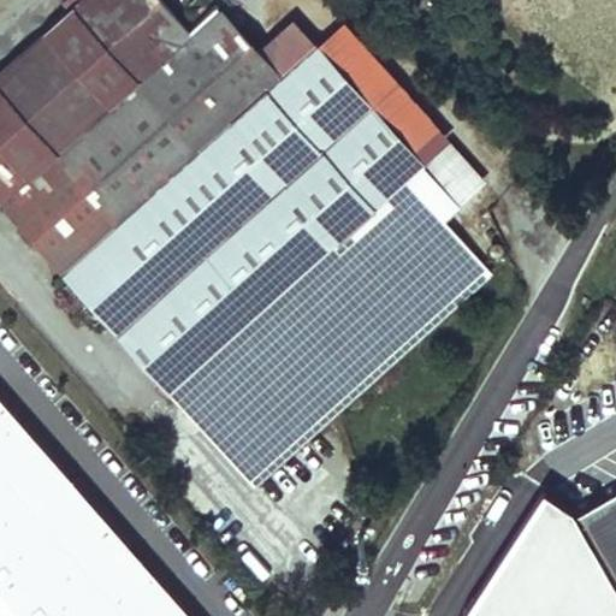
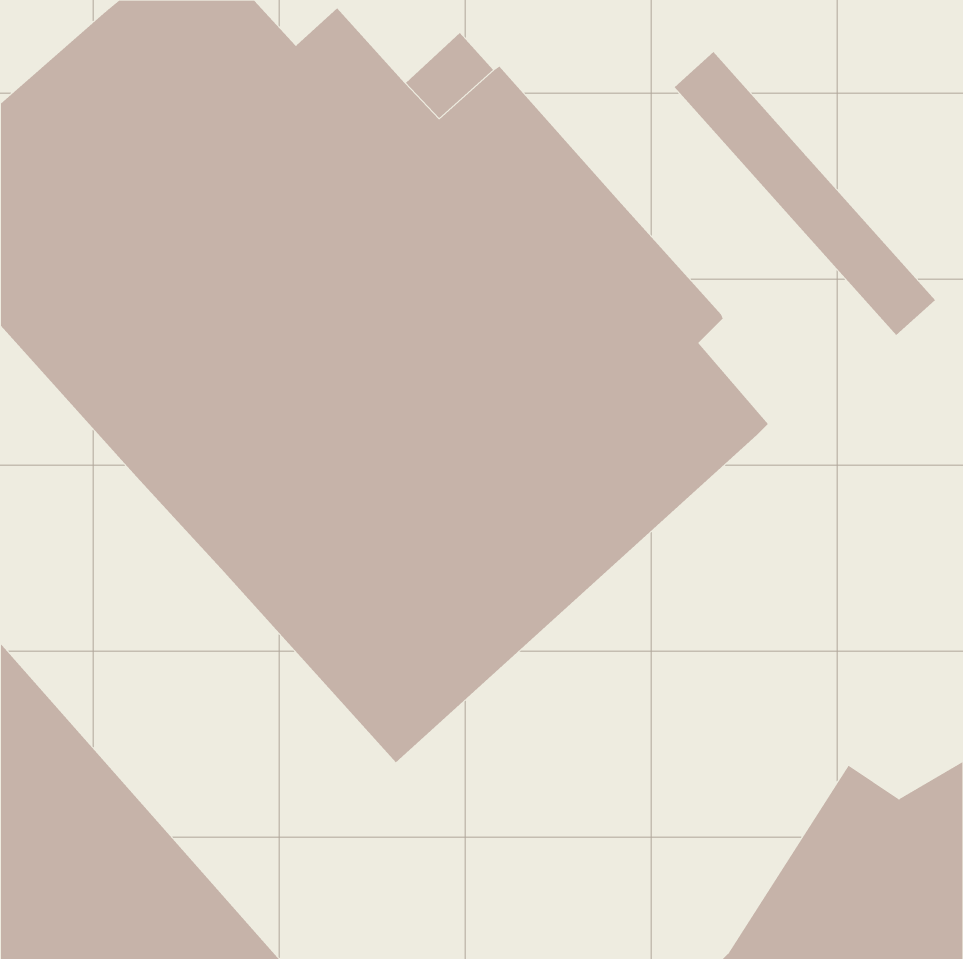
building: [319,22,486,203] -> [674,51,936,336]

